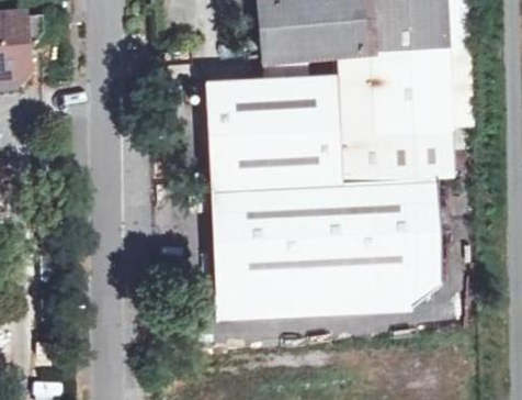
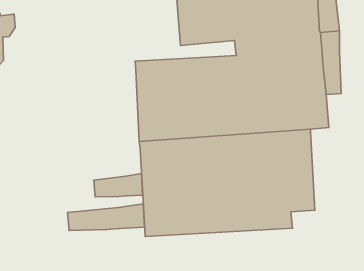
building: none -> [94,174,143,197]
building: none -> [68,204,144,231]

